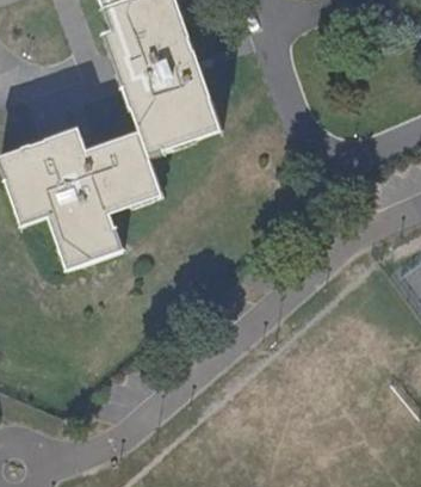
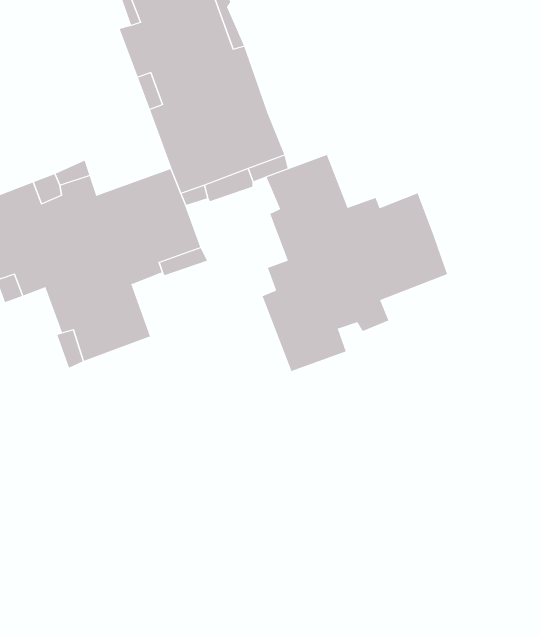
building: none -> [262,154,448,372]

